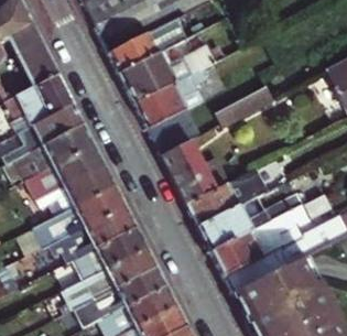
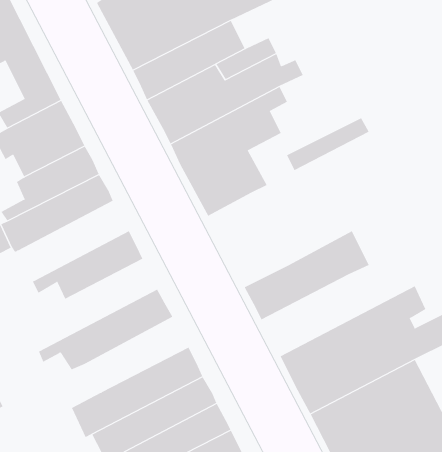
building: [159,138,215,204] -> none
building: [25,143,104,199] -> none
building: [29,184,123,249] -> none
building: [196,189,304,252] -> none
building: [73,225,145,278] -> none

